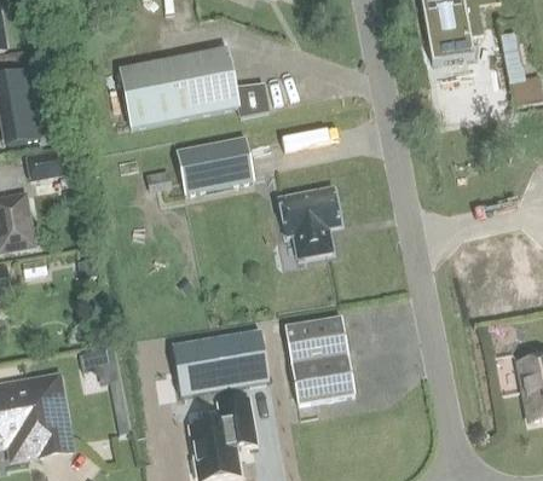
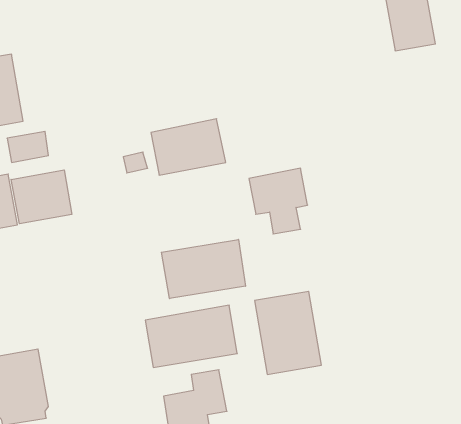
building: [119,47,267,128] -> none
building: none -> [11,170,72,224]
building: none -> [161,239,245,299]

